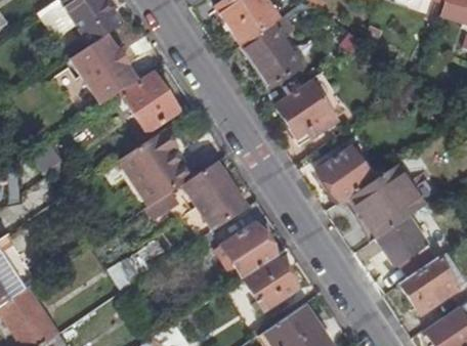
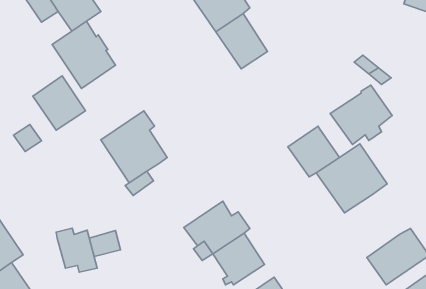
building: [125,75,180,132] -> [33,76,85,130]
building: [277,75,342,137] -> [330,85,392,145]
building: [183,163,245,230] -> none
building: [377,217,436,278] -> none
building: none -> [56,228,97,272]

